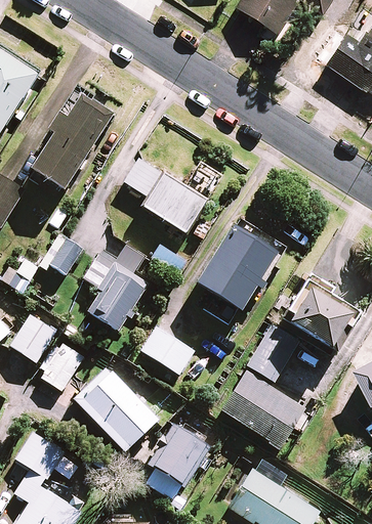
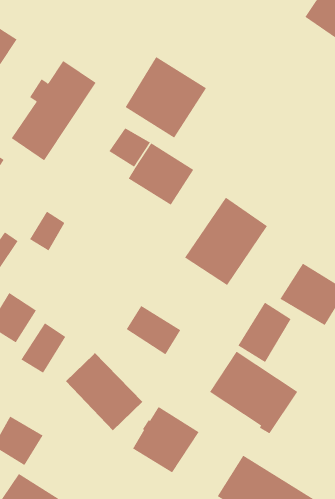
building: none -> [125,56,207,139]
building: [84,243,150,329] -> none
building: [72,366,128,449] -> none

